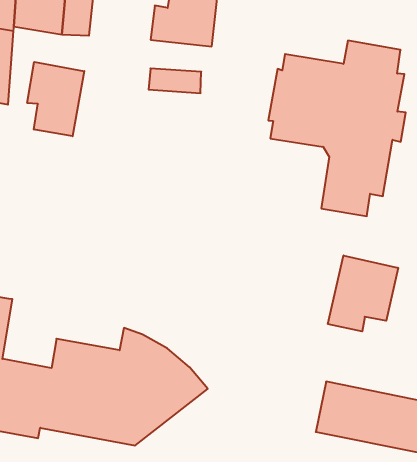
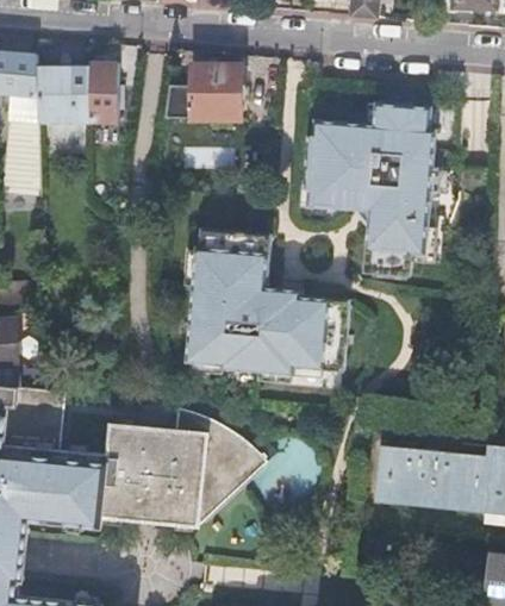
building: [27,62,84,136] -> none
building: none -> [189,231,348,373]
building: [328,255,398,331] -> none

